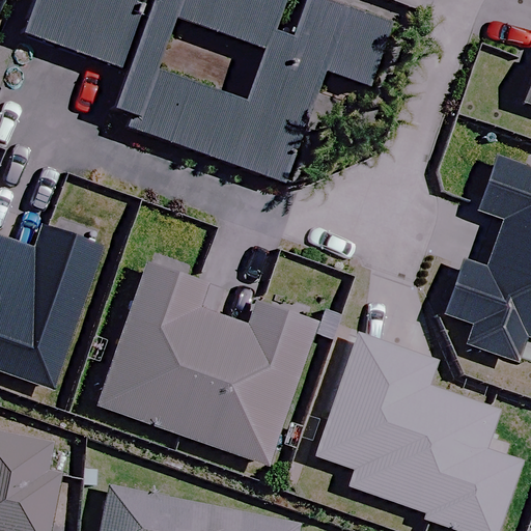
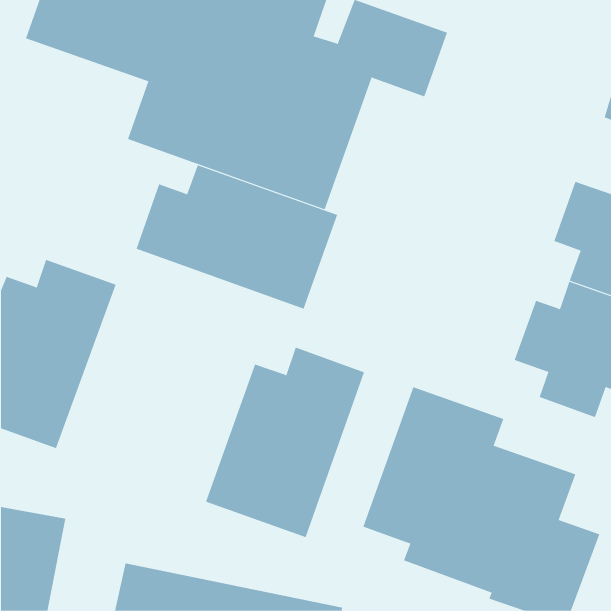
building: none -> [136,164,338,309]
building: [99,262,222,434] -> none

